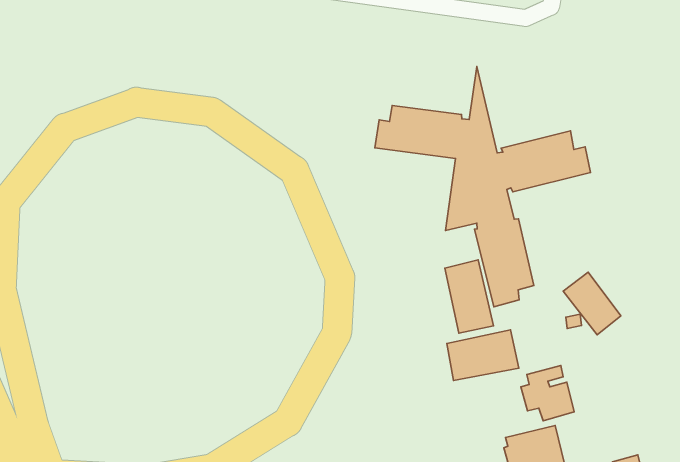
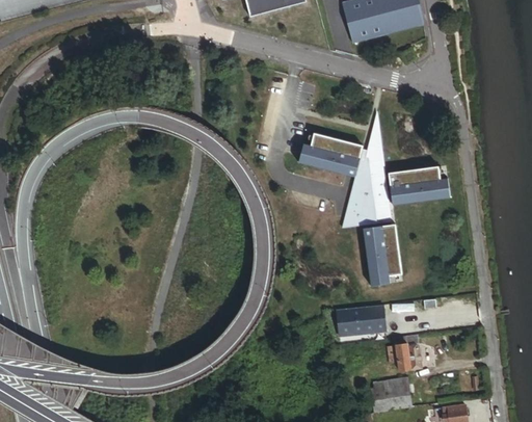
building: [445,260,494,333] -> none
building: [563,272,621,335] -> none

